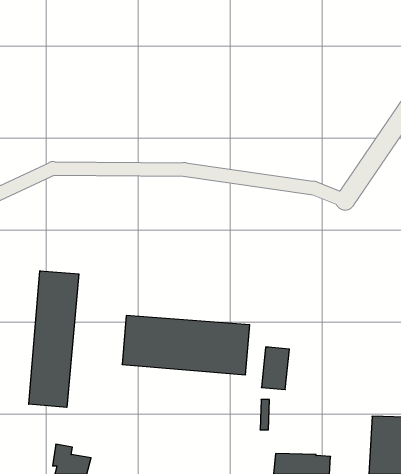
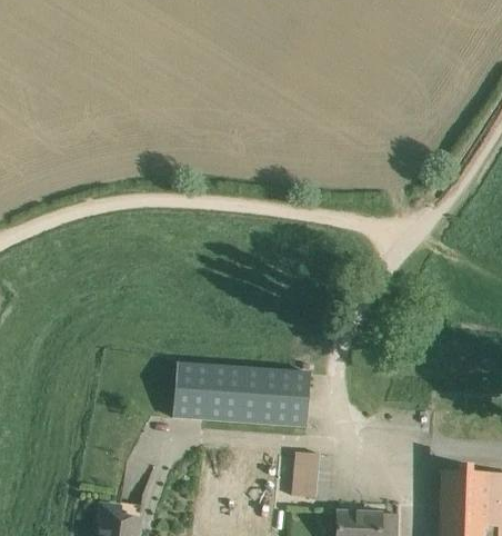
building: [29,271,79,407] -> none
building: [261,347,289,390] -> [290,451,320,497]

